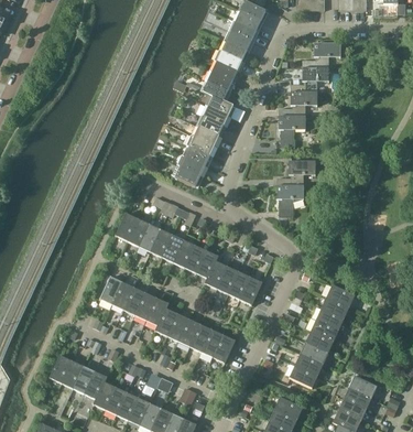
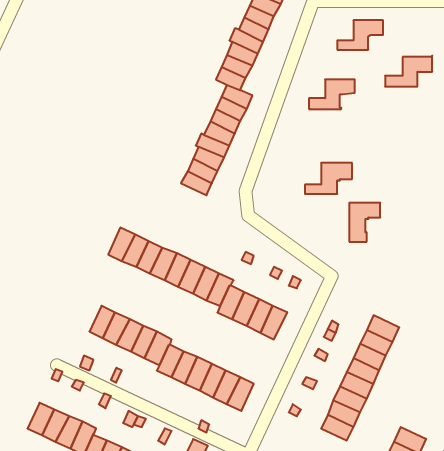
building: [291,66,329,91] -> [385,56,432,87]
building: [281,116,306,147] -> none
building: [279,185,304,217] -> [349,203,380,242]

